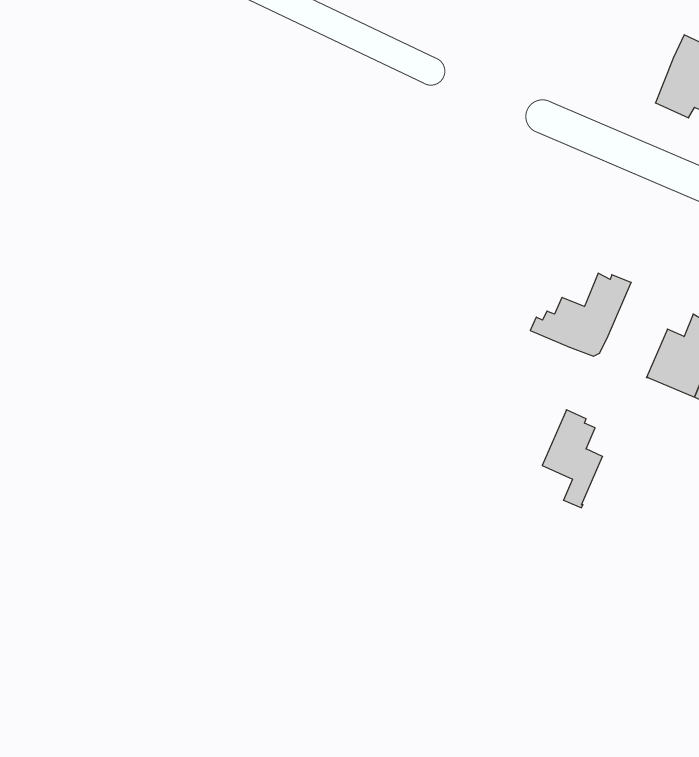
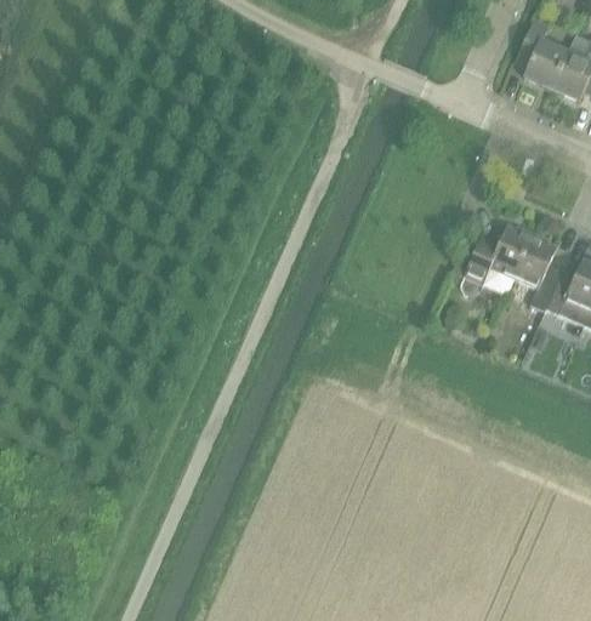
building: none -> [516,19,568,87]
building: [542,410,603,508] -> [515,232,563,310]

